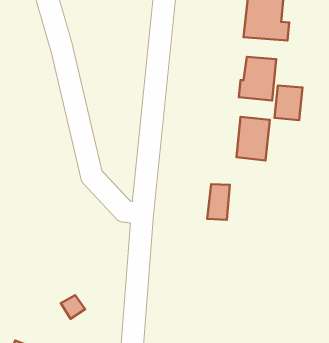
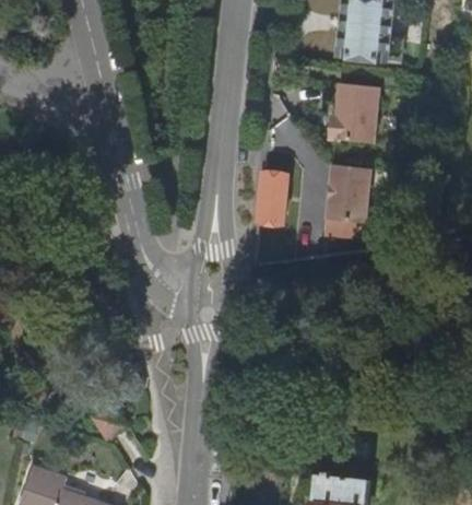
building: [275,86,302,120] -> none
building: [207,184,230,220] -> [255,177,285,225]

